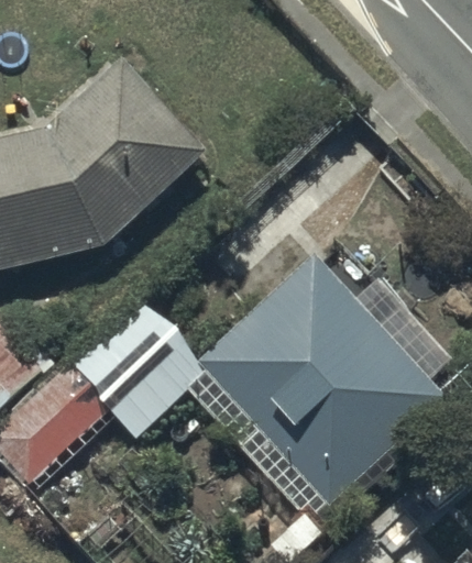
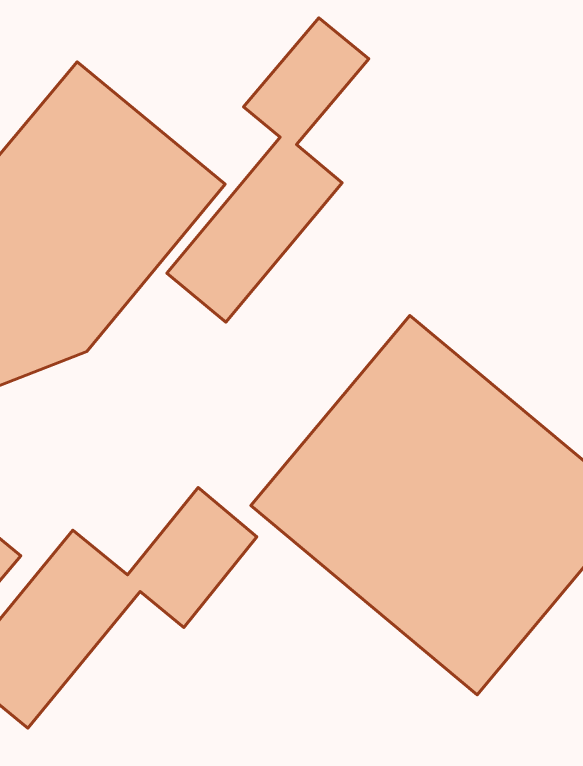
building: none -> [167,18,369,322]

